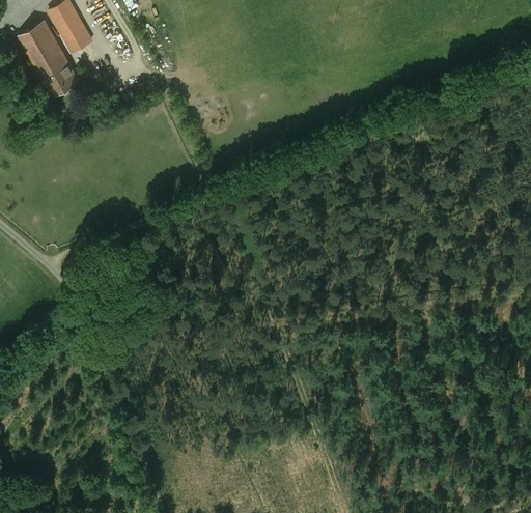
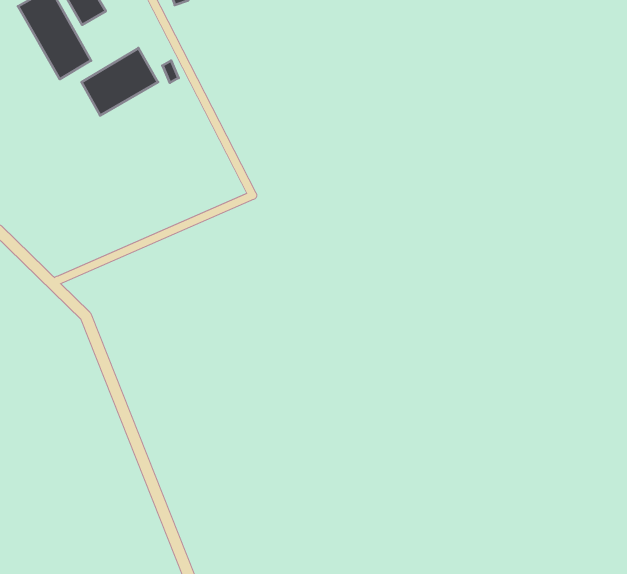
building: none -> [82,48,158,115]

